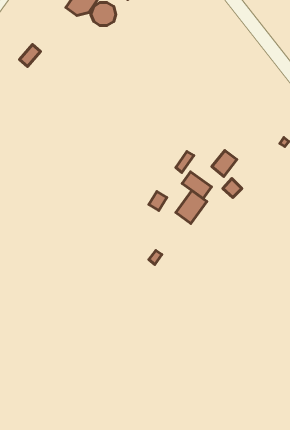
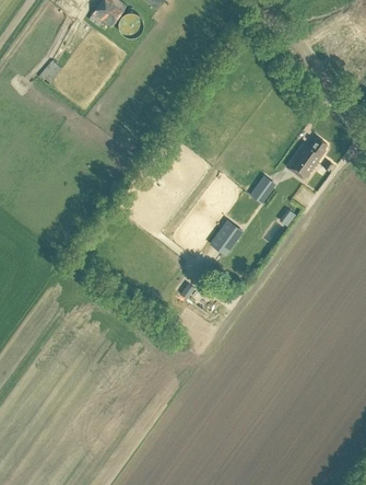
building: none -> [286,137,327,180]
building: [182,172,211,199] -> none

